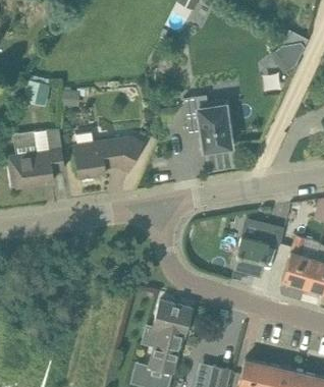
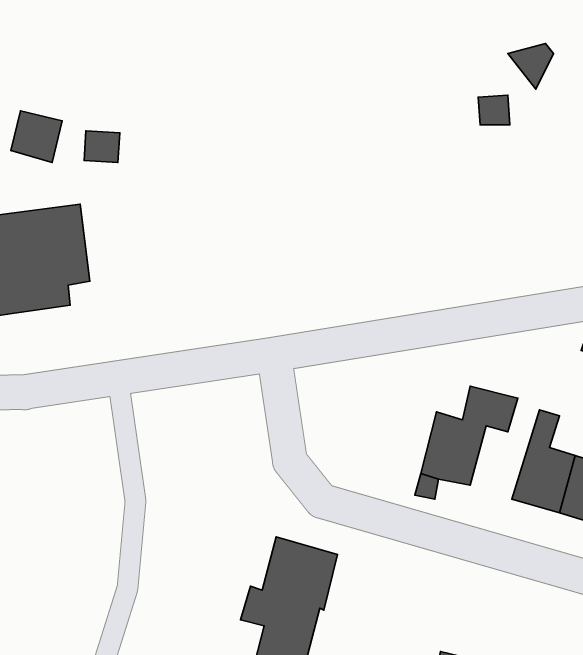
building: [184,95,237,147] -> none
building: [74,133,144,179] -> none

